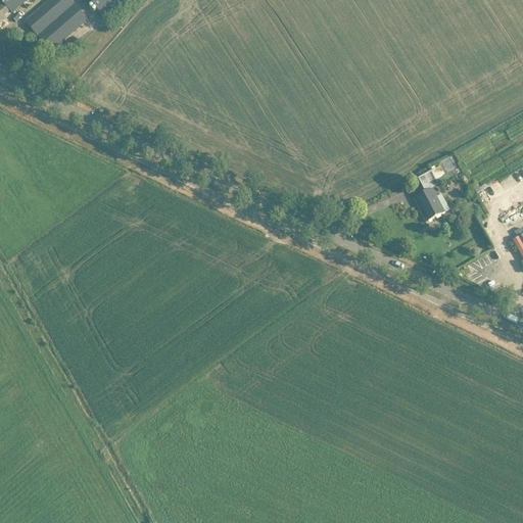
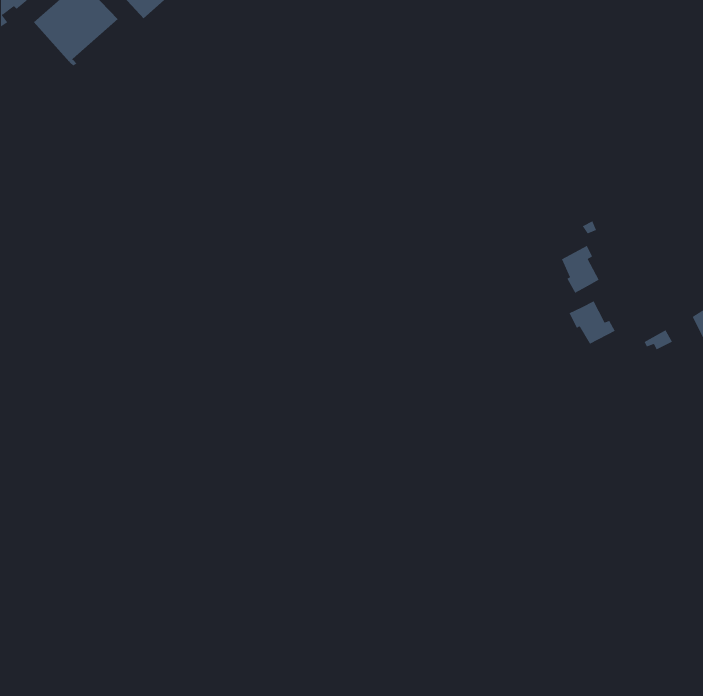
building: none -> [569,301,616,345]

